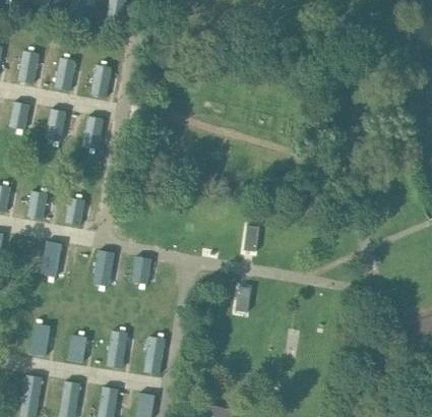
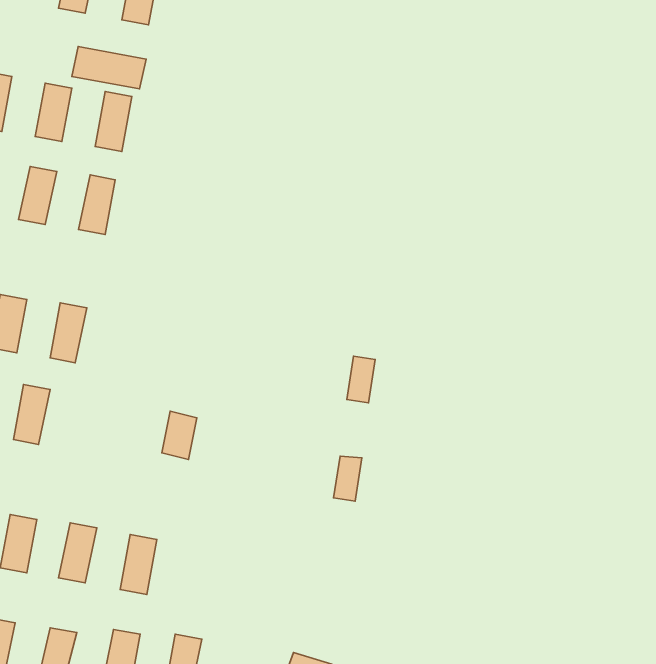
building: none -> [72,47,146,89]
building: [92,250,115,288] -> none
building: [141,340,164,376] -> none

